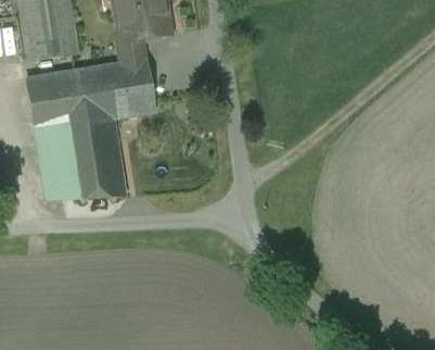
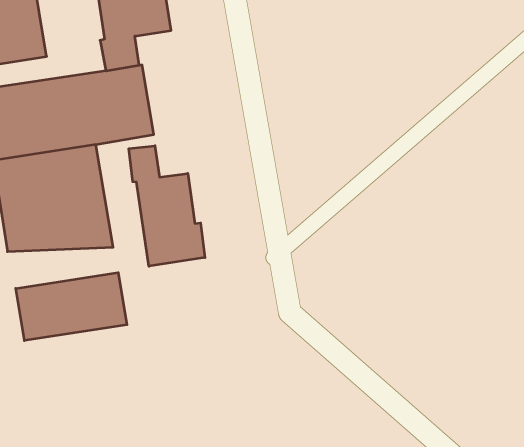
building: none -> [129,146,205,266]
building: none -> [16,273,127,341]

